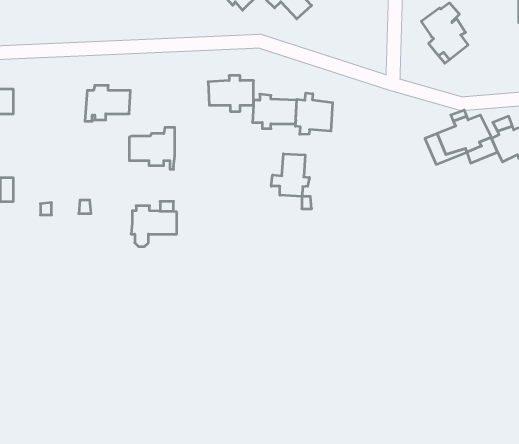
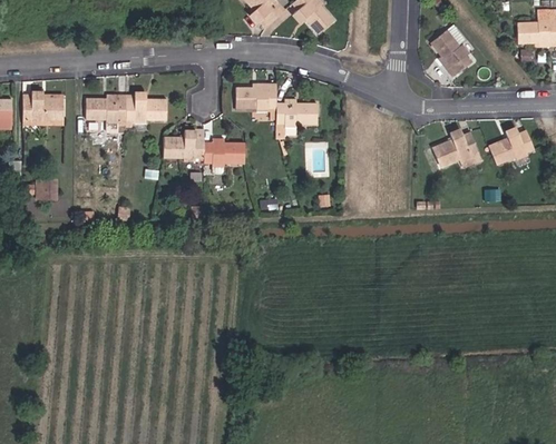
building: none -> [85,95,127,127]
building: [295,93,333,134] -> none
building: [271,154,309,196] -> none
building: [131,206,177,246] -> [205,142,246,179]

